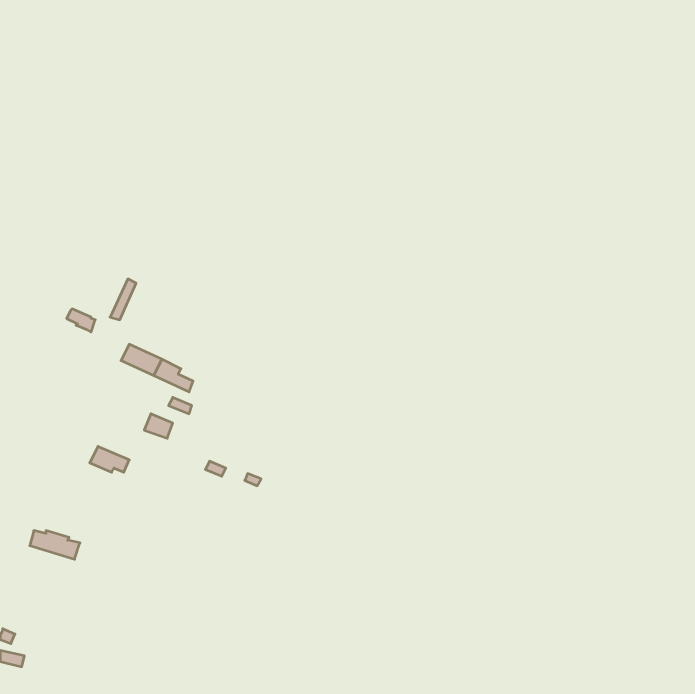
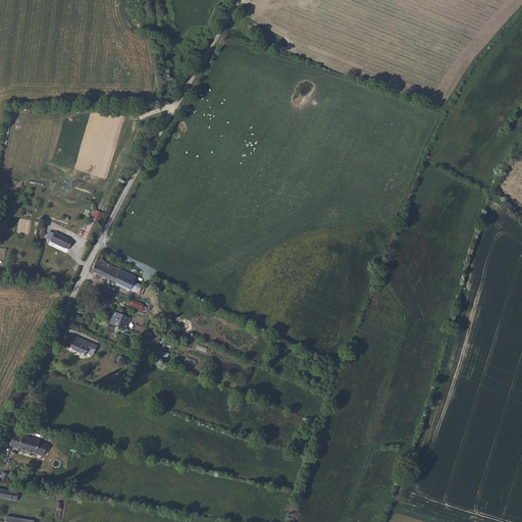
building: [30,531,80,559] -> [9,433,47,455]

